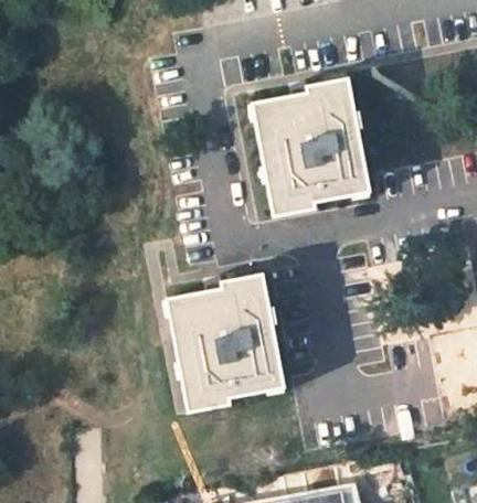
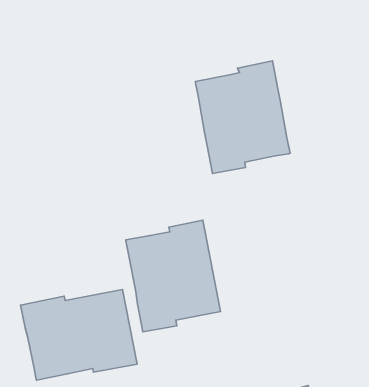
building: none -> [21,289,137,380]

